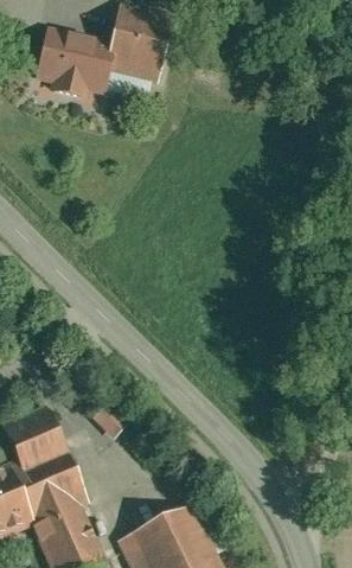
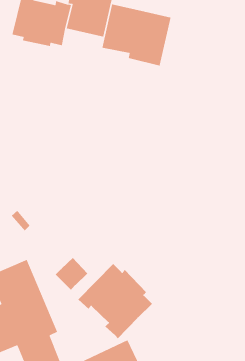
building: none -> [102,4,171,66]
building: none -> [78,263,153,339]

